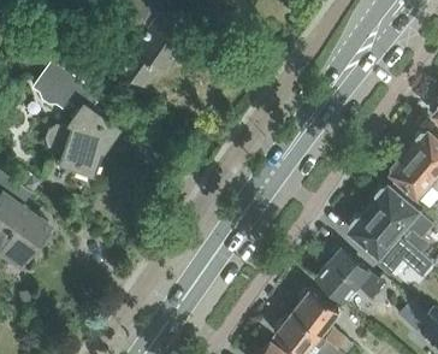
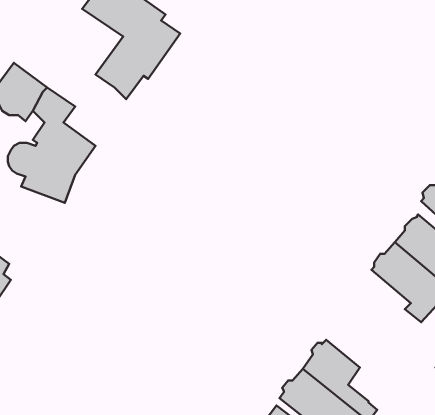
building: [315,248,384,301] -> none

